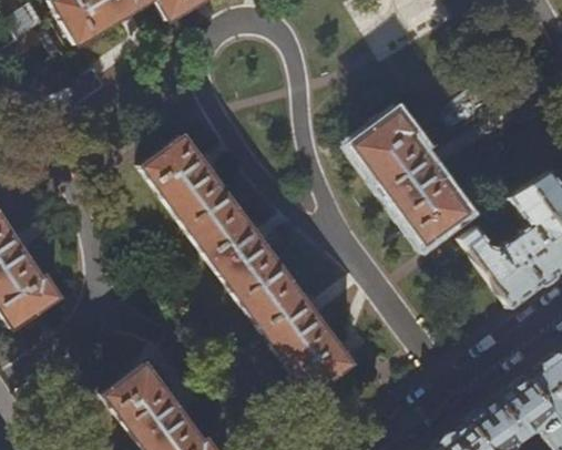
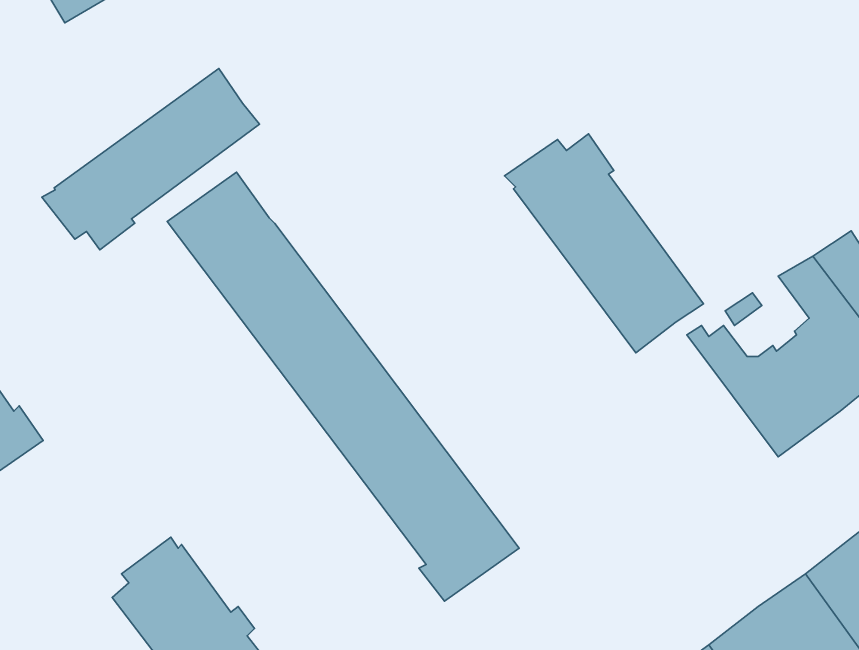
building: none -> [42,68,260,250]

